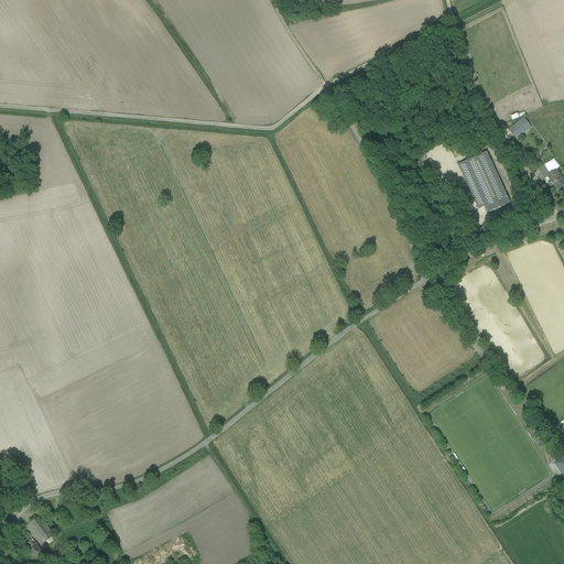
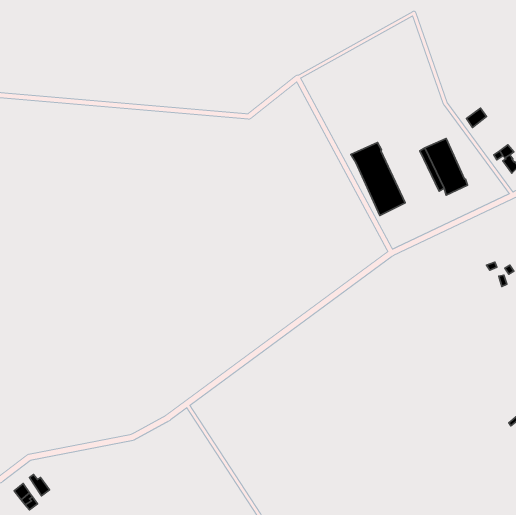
building: none -> [351,143,405,215]

